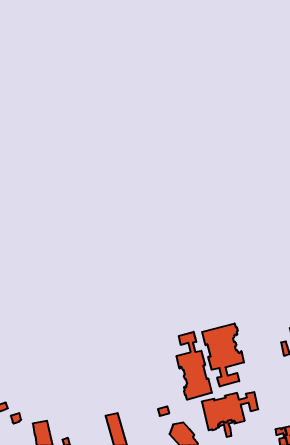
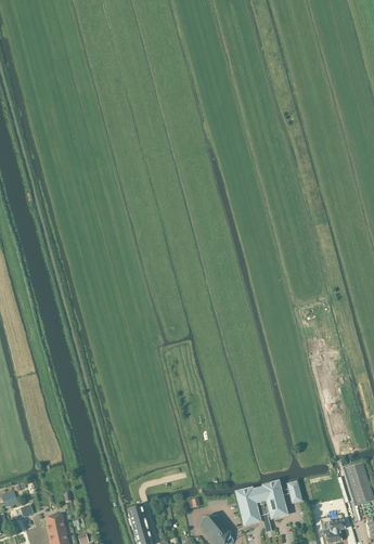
building: [202,323,244,387] -> none
building: [177,332,212,400] -> none

